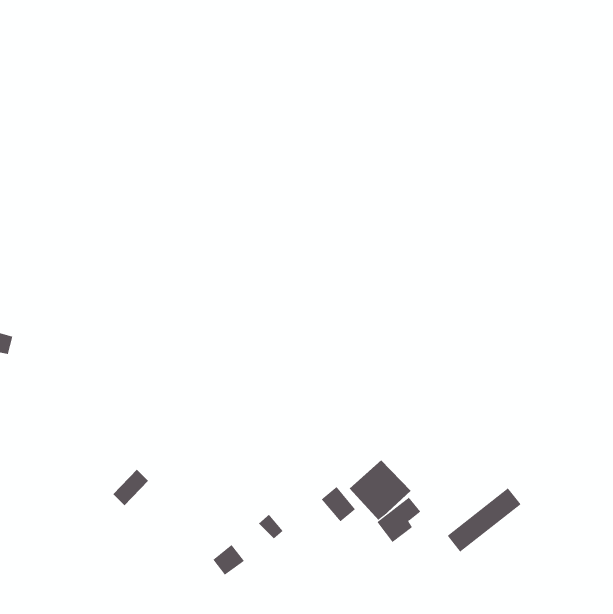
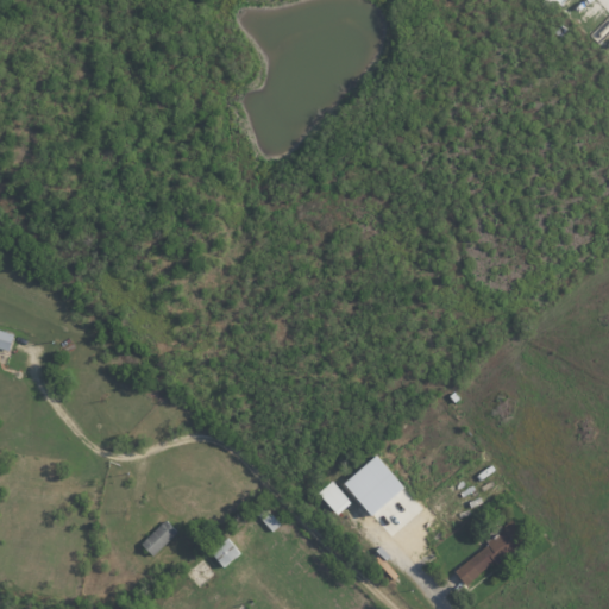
building: [113,469,149,506] -> [140,521,176,558]
building: [447,487,522,553] -> [453,523,527,588]

